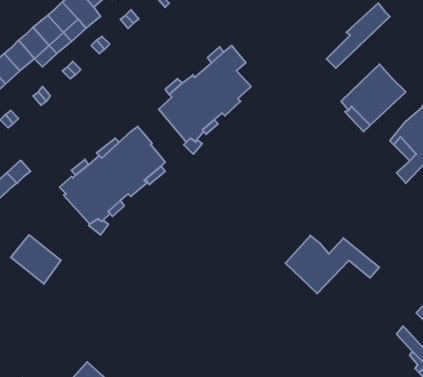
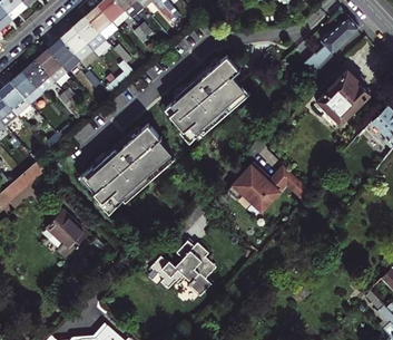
building: [285,235,379,294] -> [230,165,310,214]
building: none -> [150,242,215,299]

